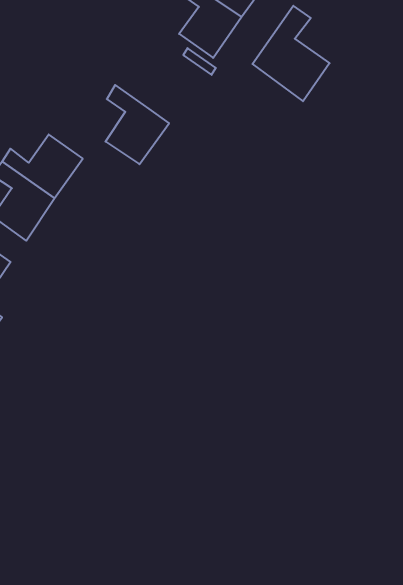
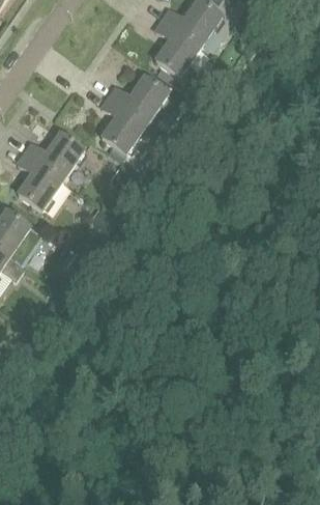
building: [252,6,330,101] -> none
building: none -> [108,76,168,123]

